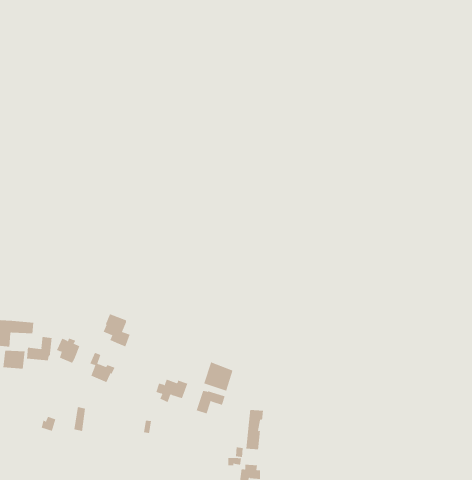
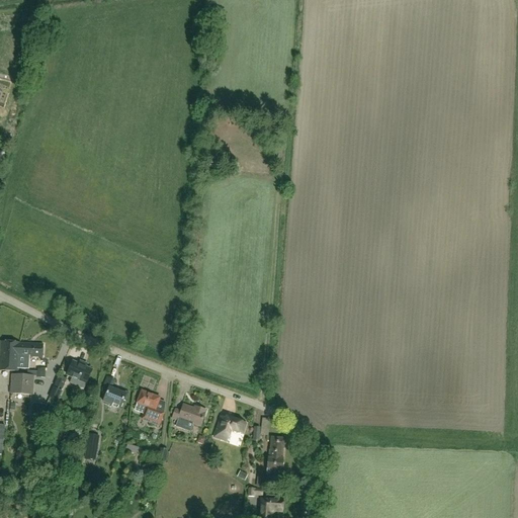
building: [103,313,131,347] -> [135,390,164,425]
building: [27,336,52,361] -> none
building: [204,361,233,391] -> none

